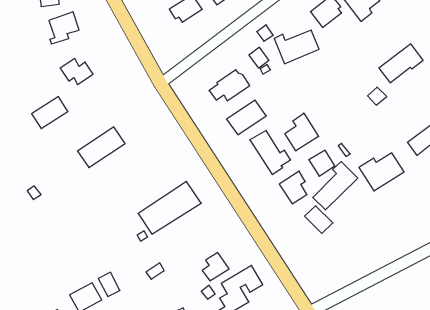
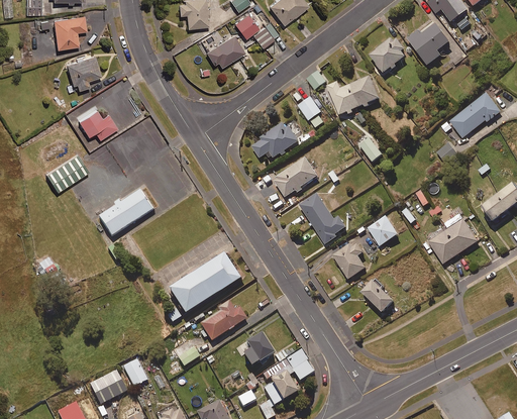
building: [285,113,319,151] -> none
building: [313,162,358,210] -> none
building: none -> [201,301,247,341]

